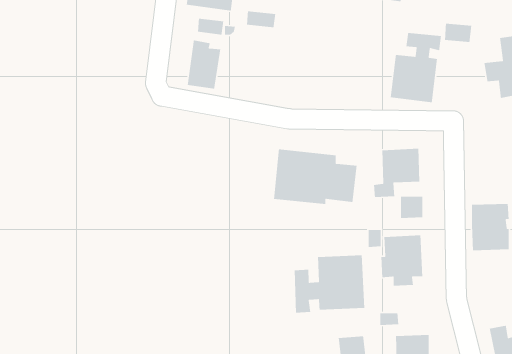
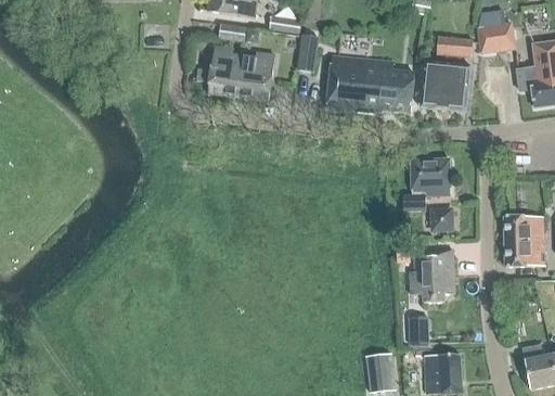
building: none -> [297,34,321,71]
building: none -> [237,50,275,101]
building: [273,149,357,205] -> [326,54,414,113]
building: [294,254,365,313] -> none

